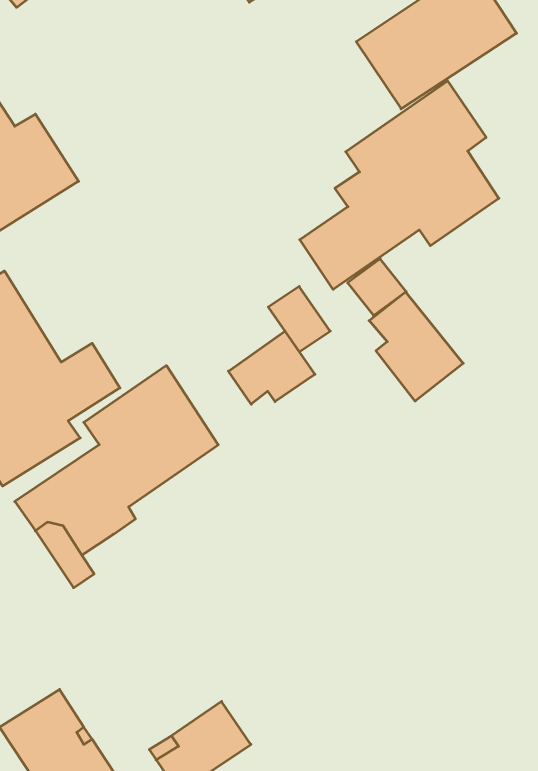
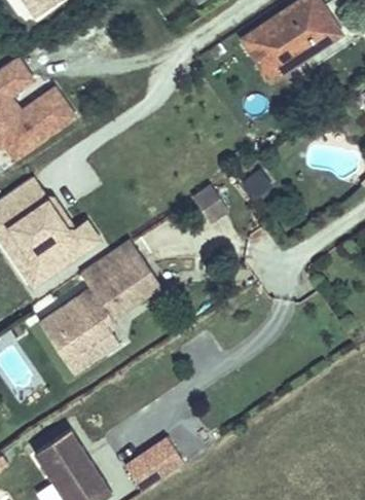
building: [300,81,499,289] -> none
building: [369,292,463,401] -> none
building: [228,331,315,404] -> none

